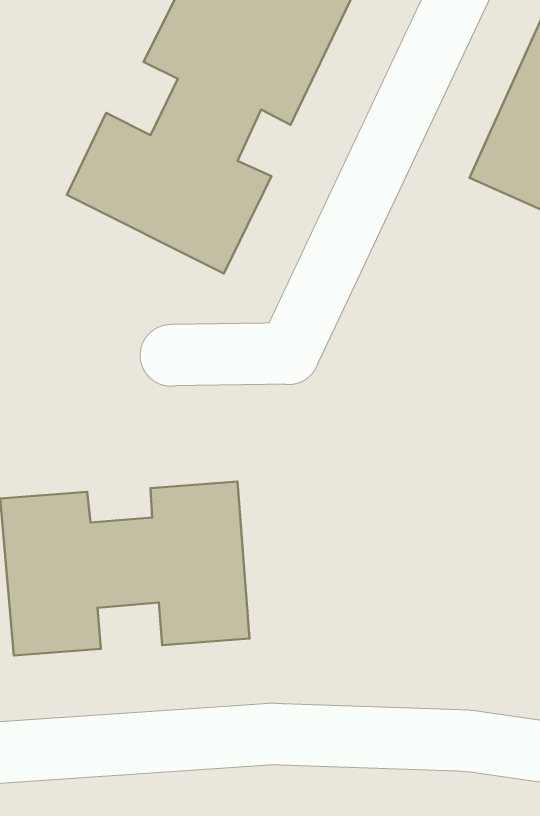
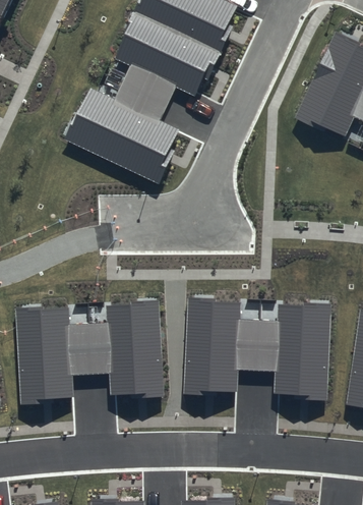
building: none -> [184,299,330,402]

